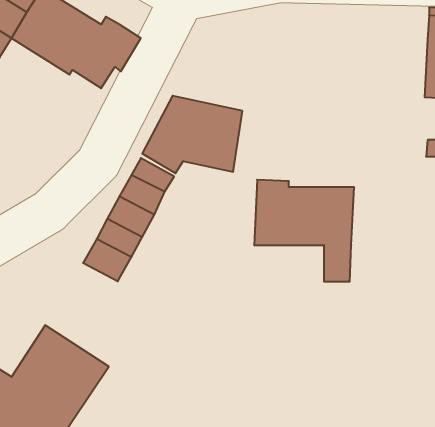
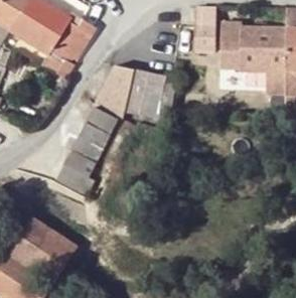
building: none -> [194,7,216,52]
building: [254,180,354,282] -> [219,24,286,92]

